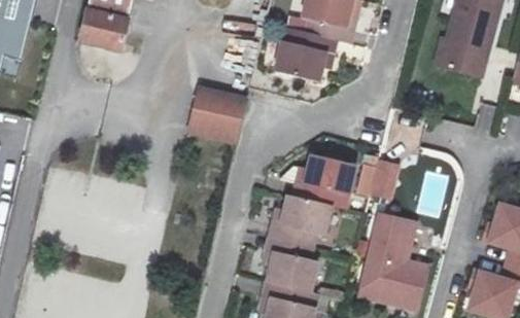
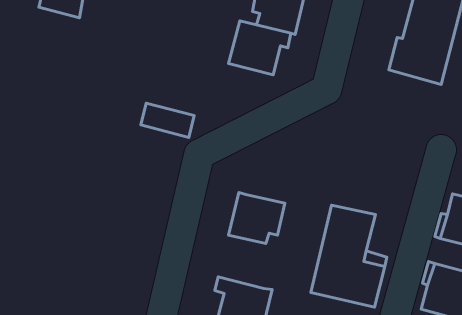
building: [81,12,128,51] -> none
building: [194,87,246,119] -> none
building: [293,155,354,209] -> none
building: [355,162,395,200] -> none
building: [265,238,317,290] -> none

